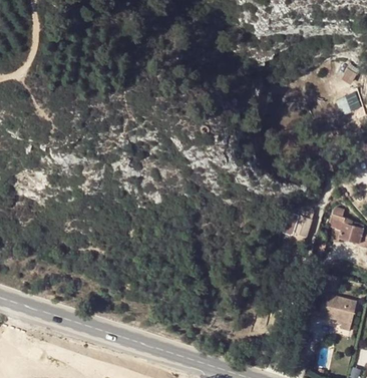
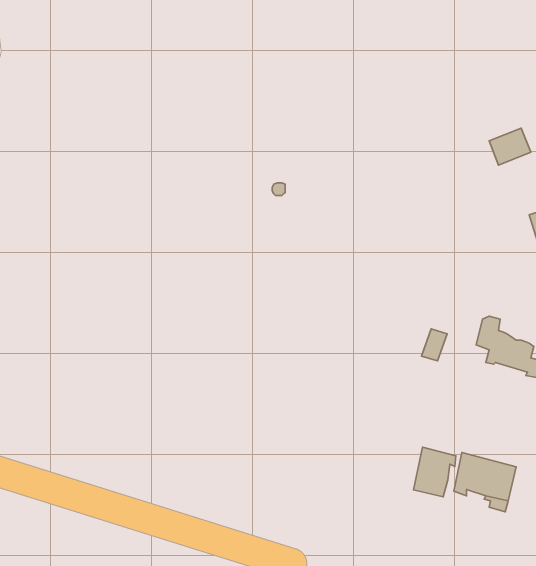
building: none -> [414,447,456,497]

